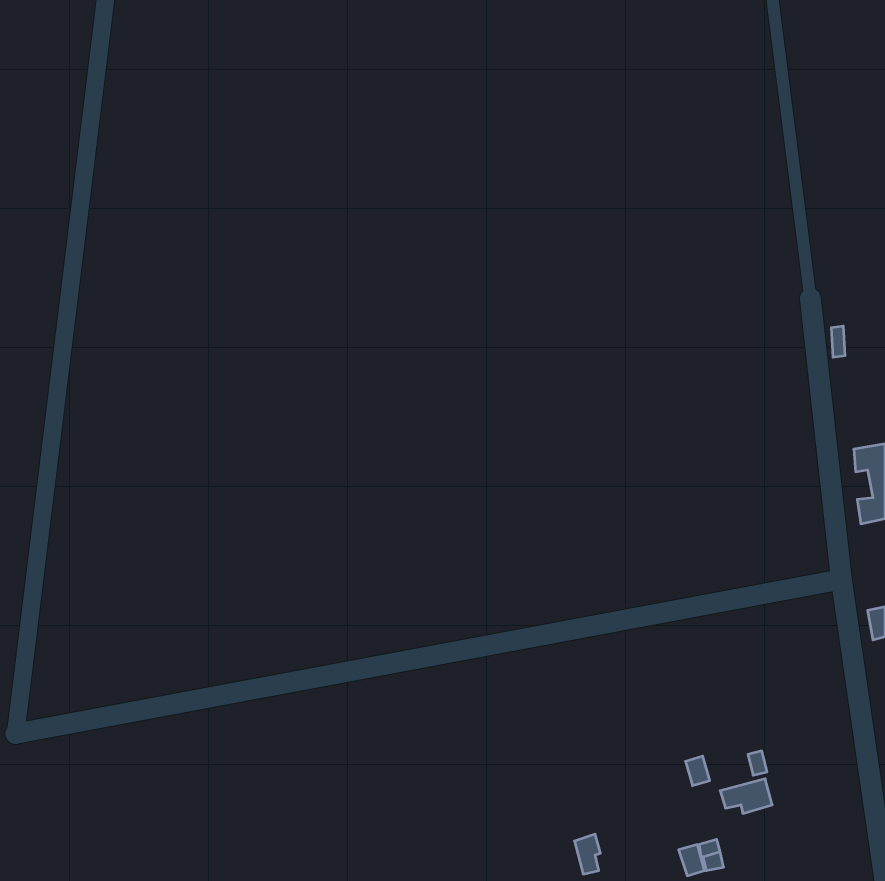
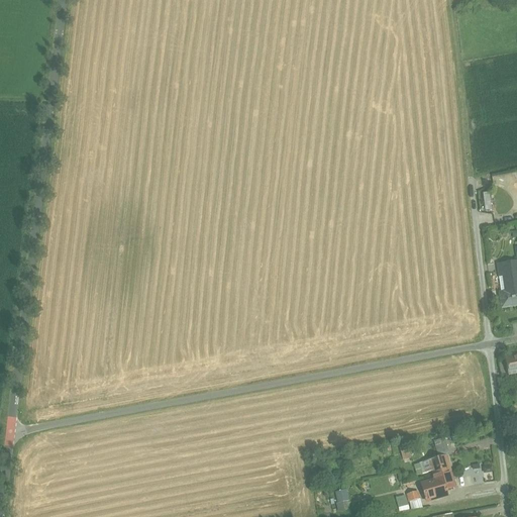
building: none -> [421,469,454,499]

